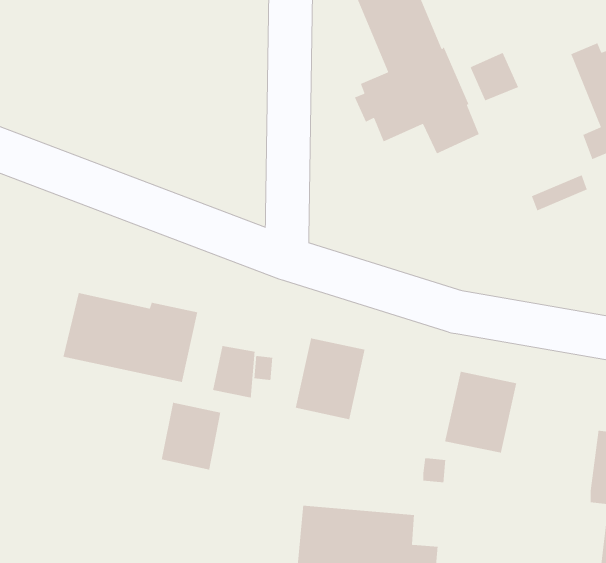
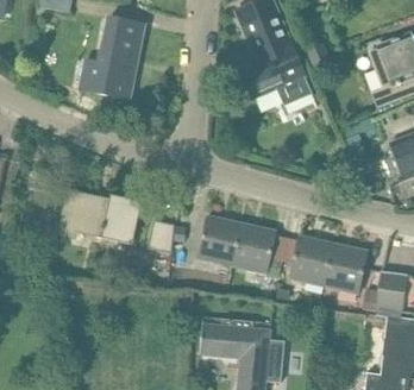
building: none -> [80,18,144,99]
building: none -> [232,222,276,273]
building: none -> [324,243,368,294]
building: [161,402,221,470] -> none

